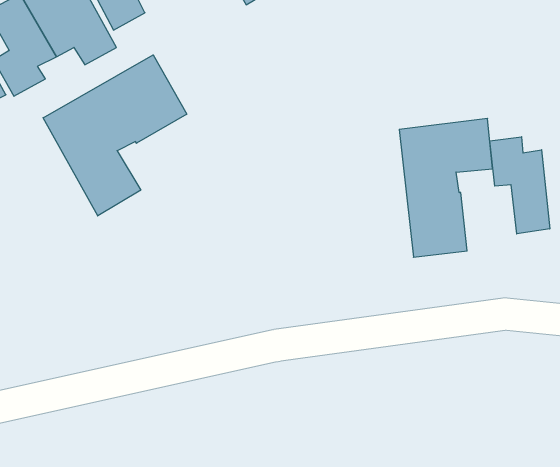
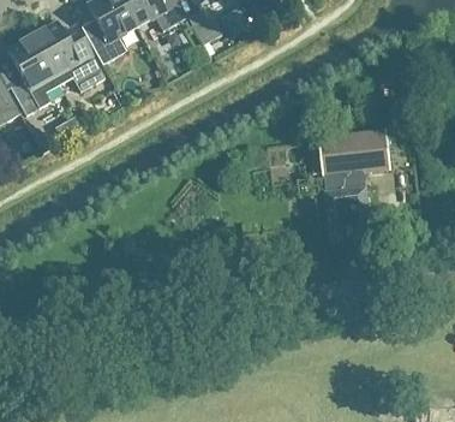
building: [43,55,187,216] -> none
building: [490,137,550,234] -> none

